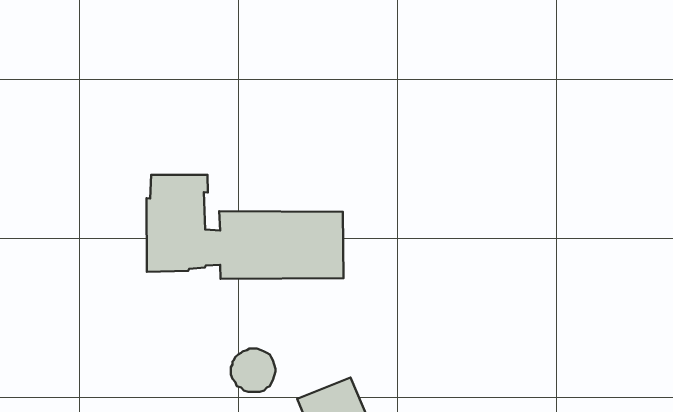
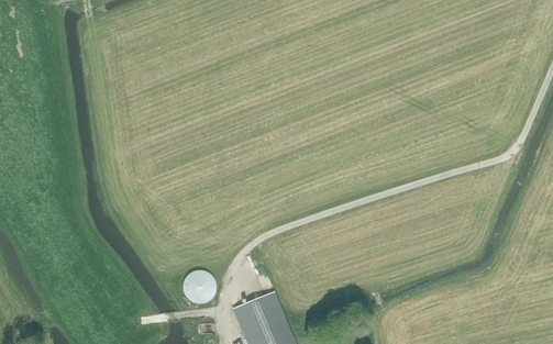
building: [147,175,344,279] -> none

